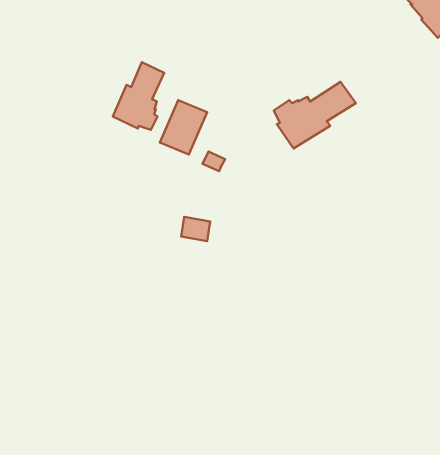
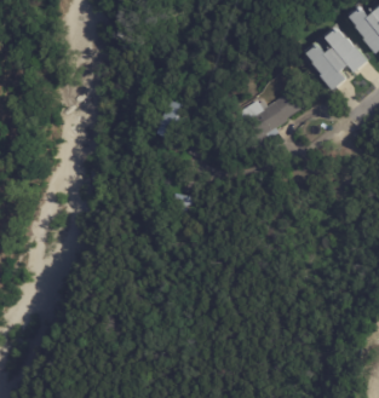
building: none -> [305,28,368,90]
building: [113,62,164,130] -> none

